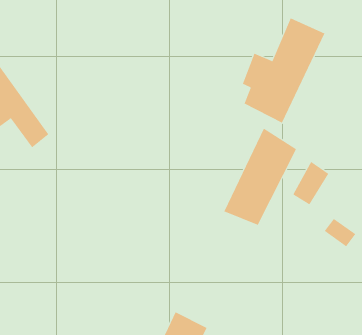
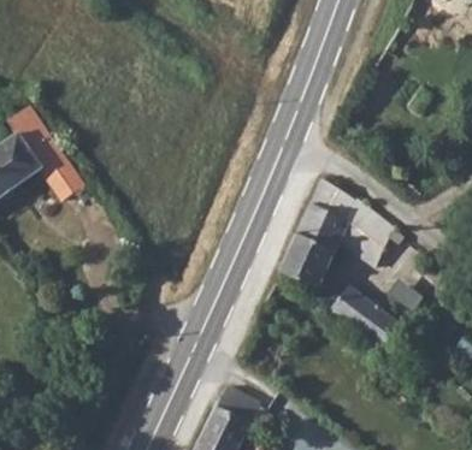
building: [242,18,325,123] -> none
building: none -> [332,285,405,351]

